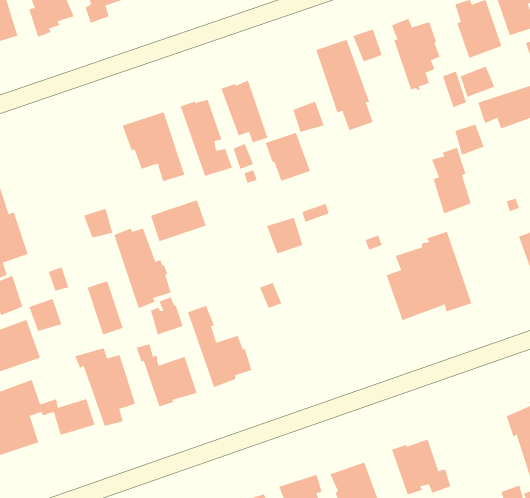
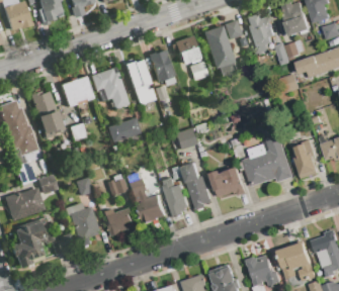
building: none -> [61,76,93,106]
building: [265,132,311,182] -> [173,35,199,64]
building: [431,147,472,214] -> [294,140,318,179]
building: [113,228,172,309] -> [30,90,64,136]
building: none -> [182,163,211,210]
building: none -> [210,167,245,196]
building: none -> [161,177,188,218]
building: none -> [277,242,315,282]

